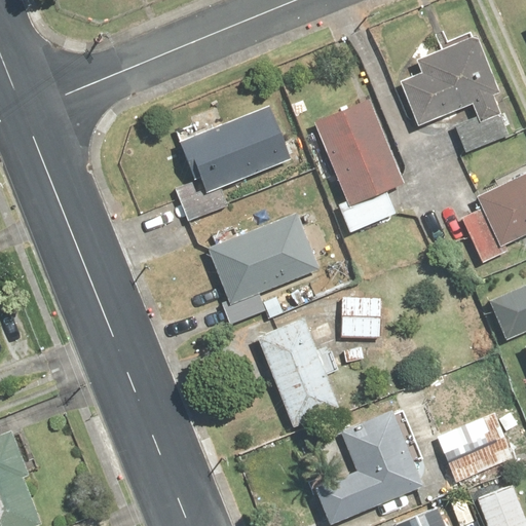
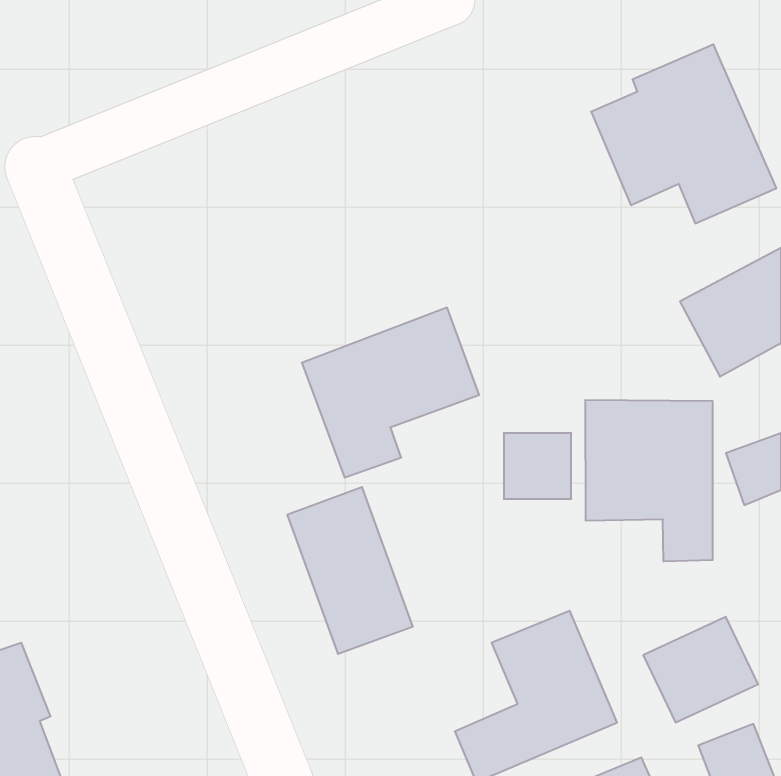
building: [315,95,406,233] -> none
building: [176,100,295,221] -> none
building: none -> [585,400,713,562]
building: [258,313,342,425] -> [287,487,413,654]

